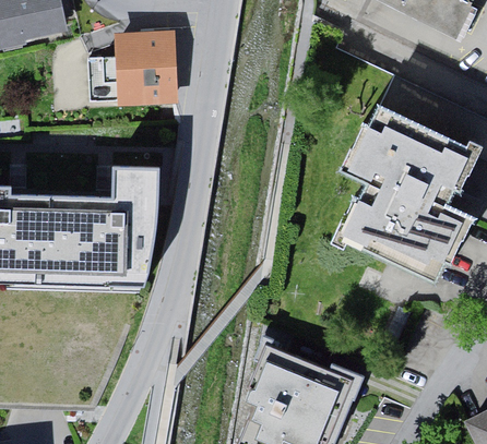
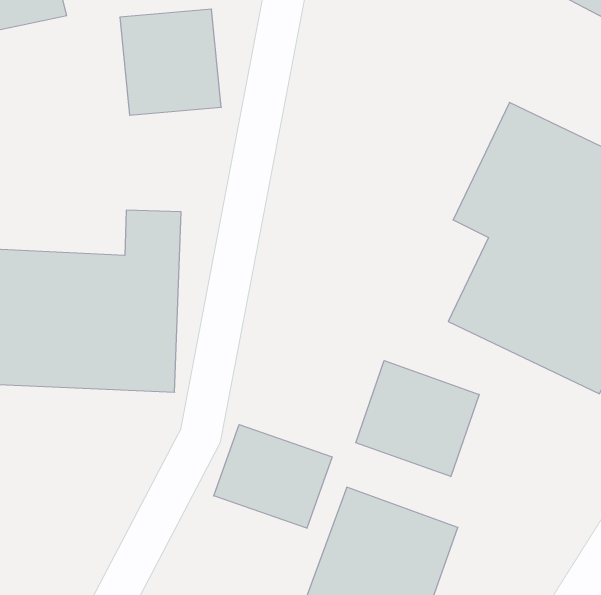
building: none -> [356,361,479,477]
building: none -> [214,425,332,528]

